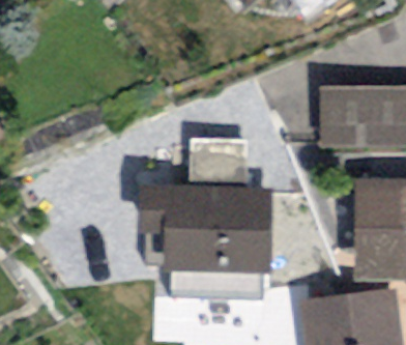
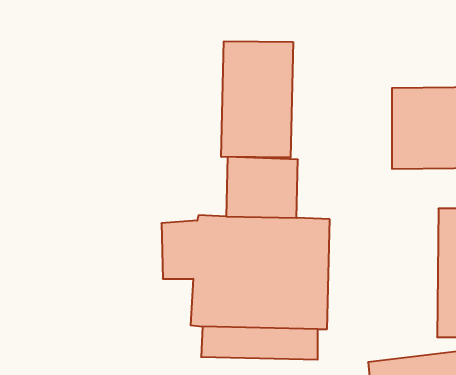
building: none -> [221,41,293,158]

